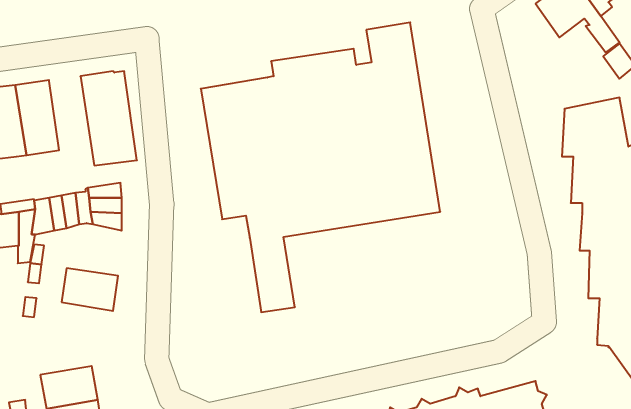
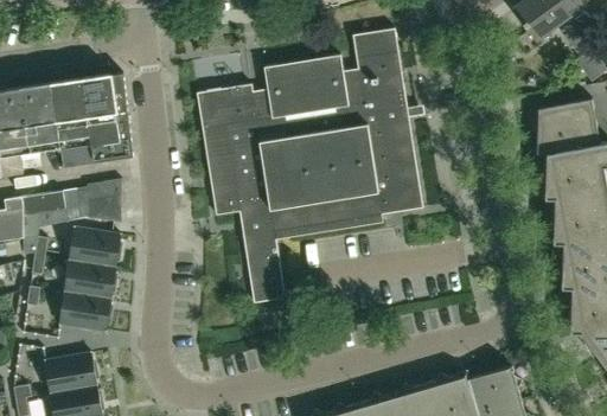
building: none -> [52,79,95,168]
building: none -> [69,229,122,268]
building: none -> [59,293,113,333]

